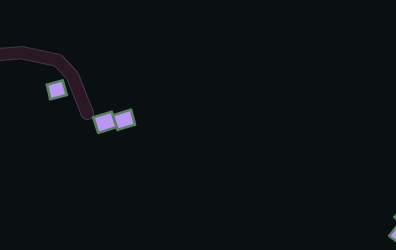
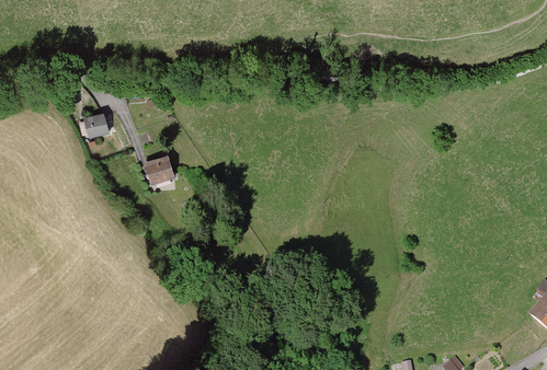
building: [113,110,135,130] -> none

